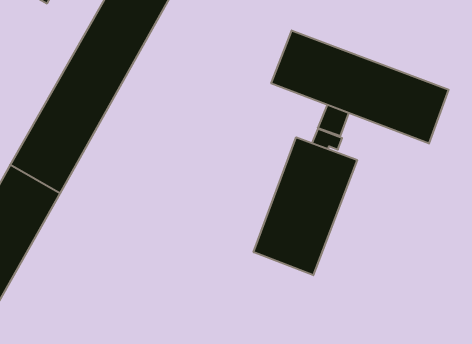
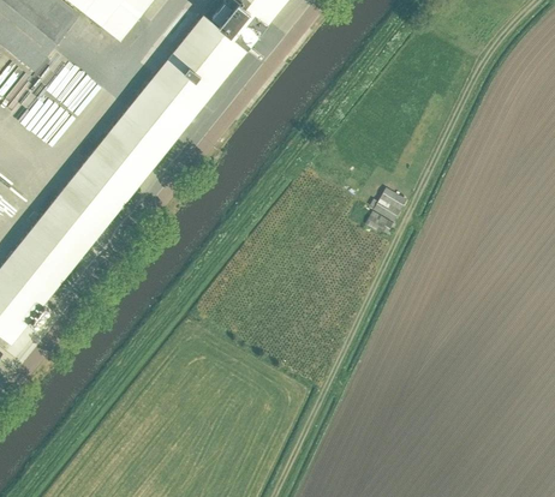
building: [271,30,449,144] -> none
building: [254,137,357,275] -> none

